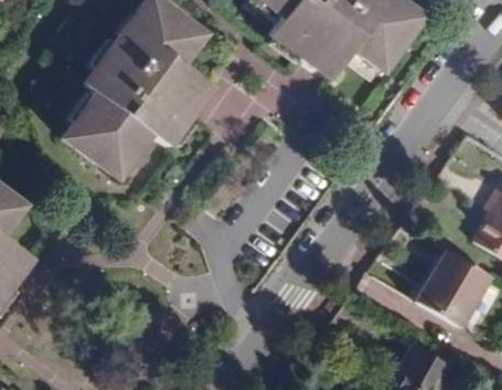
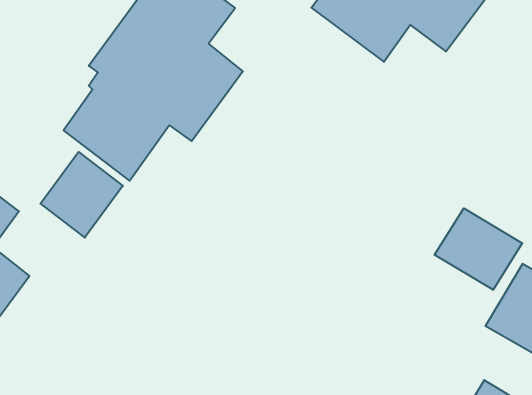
building: none -> [40,152,123,238]
building: none -> [435,208,522,290]

